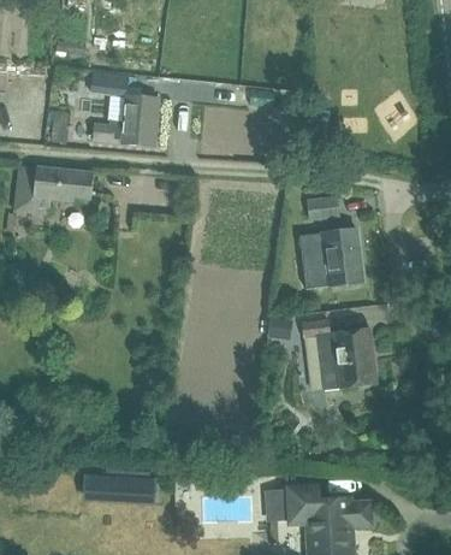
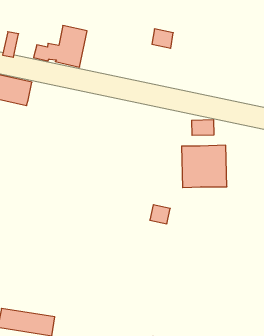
building: [89,70,125,96] -> none
building: [299,320,374,389] -> none

